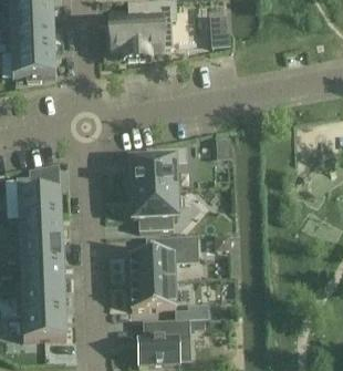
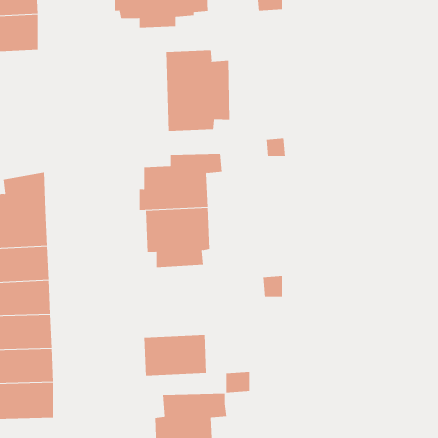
building: none -> [166,50,230,132]
building: [129,237,198,280] -> none

